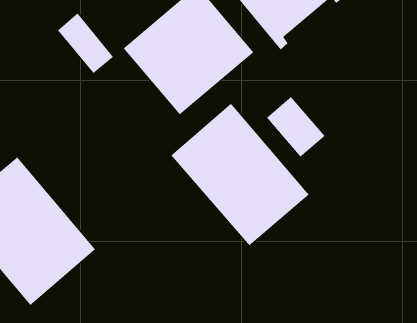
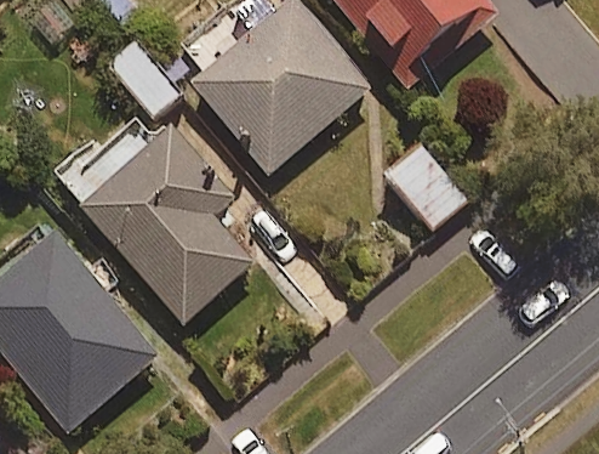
building: none -> [53,123,253,322]
building: [171,103,310,246] -> none

